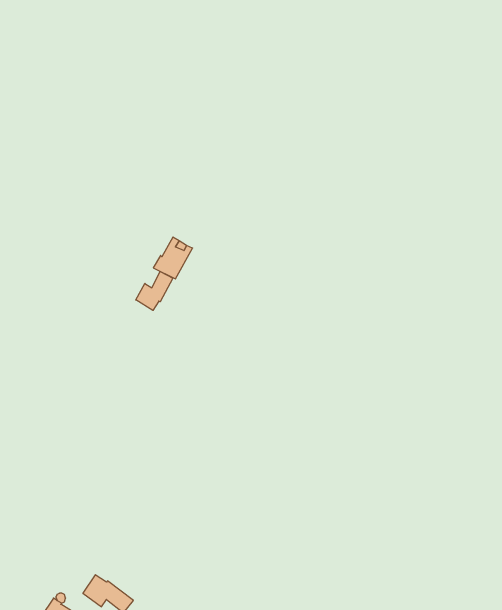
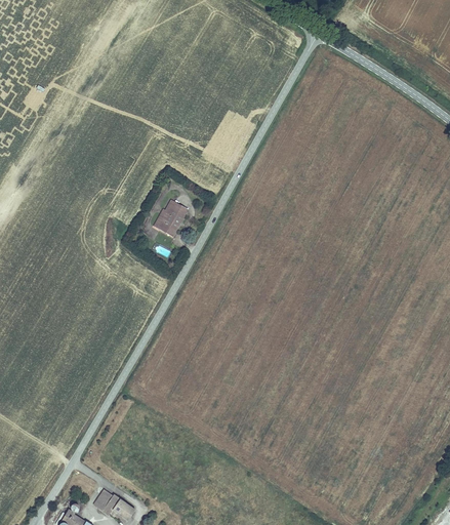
building: [136,272,173,310] -> none

